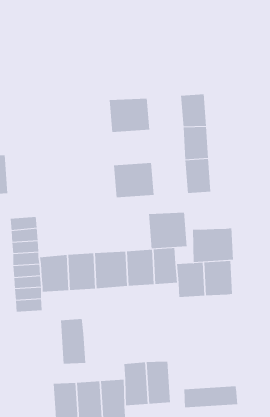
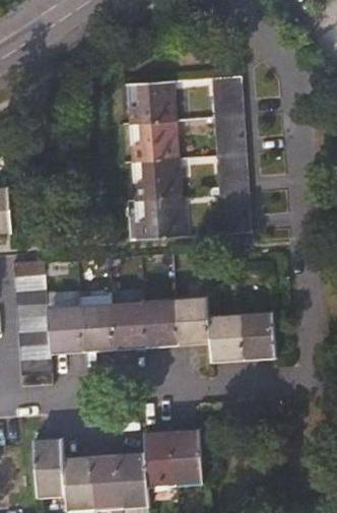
building: none -> [211,76,242,118]
building: none -> [127,80,175,123]
building: none -> [132,158,180,200]
building: [148,212,187,249] -> none
building: [192,227,233,263] -> none
building: [60,318,86,364] -> [35,440,65,494]
building: [184,386,238,408] -> none

